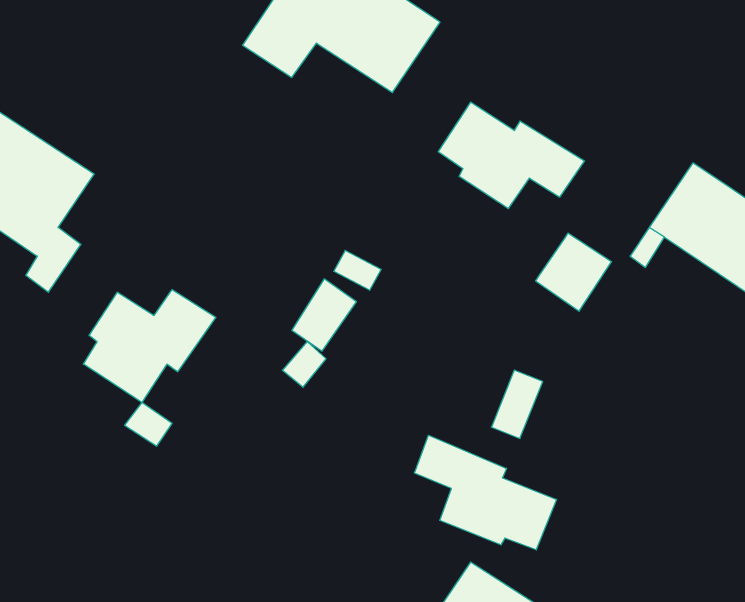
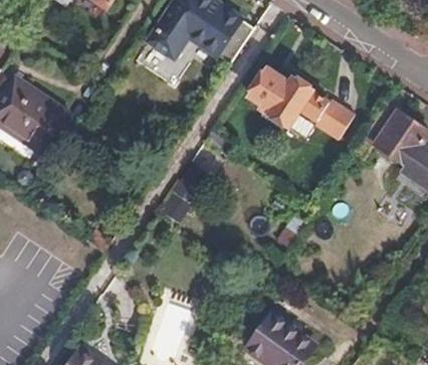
building: [536,233,612,311] -> [312,98,353,139]
building: [83,290,216,402] -> none
building: [415,435,556,550] -> none

